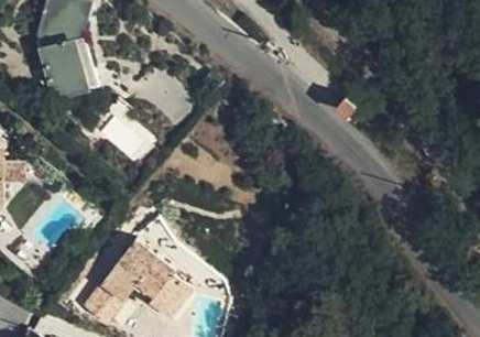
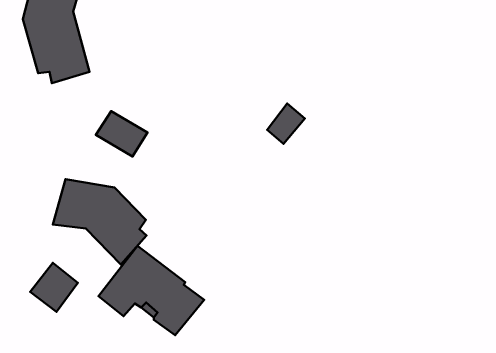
building: none -> [53,179,146,264]
building: [84,282,126,325] -> [30,263,78,312]

